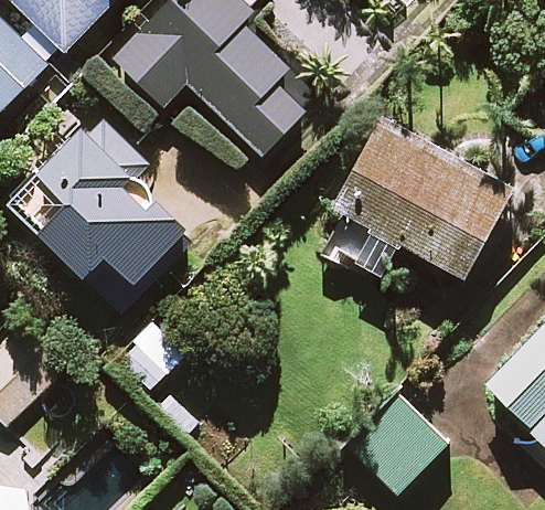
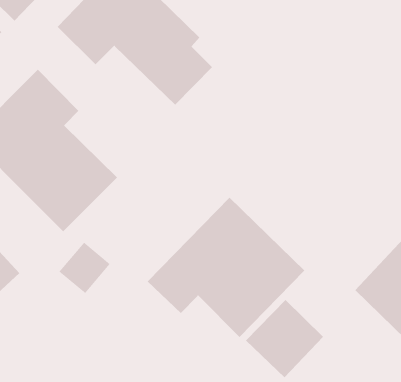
building: [316,121,507,281] -> none
building: none -> [147,197,305,338]

